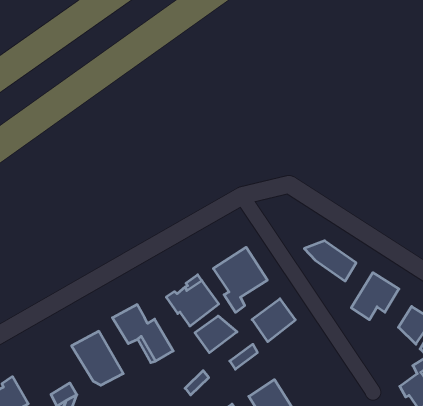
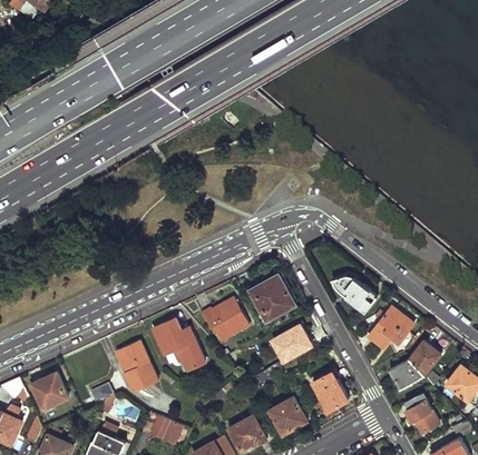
building: [195,316,237,353] -> none
building: none -> [389,358,423,389]
building: none -> [311,370,348,411]

